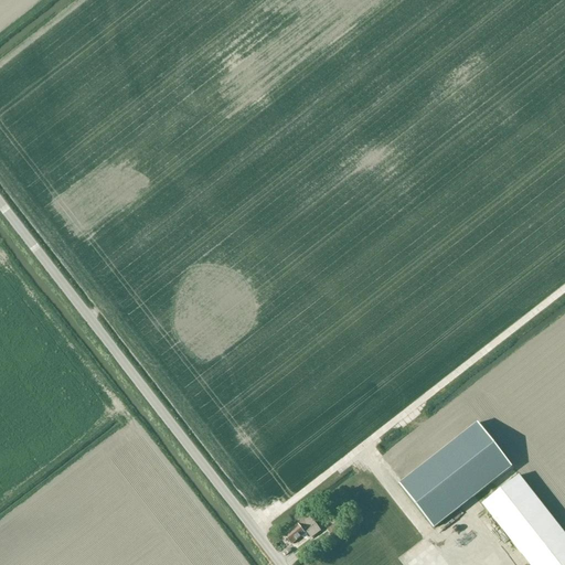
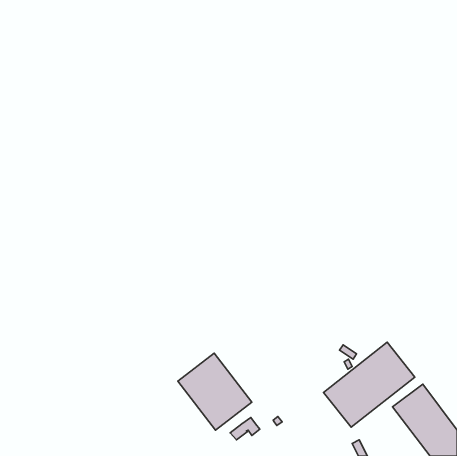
building: none -> [178,353,252,430]

